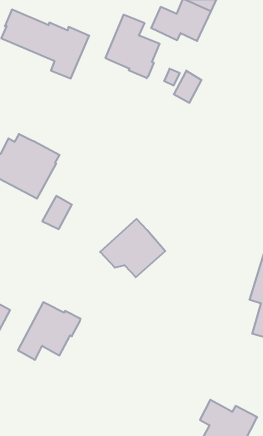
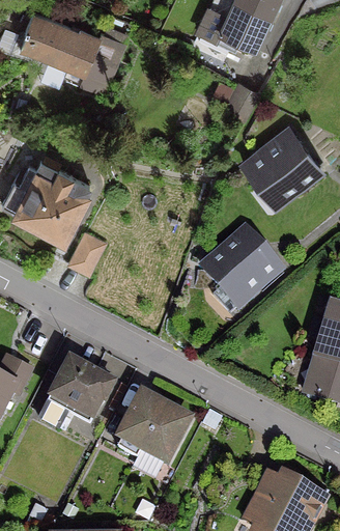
building: [106,15,160,78] -> none
building: none -> [243,130,320,199]
building: [100,219,165,277] -> [202,230,280,300]
building: none -> [117,396,188,463]

